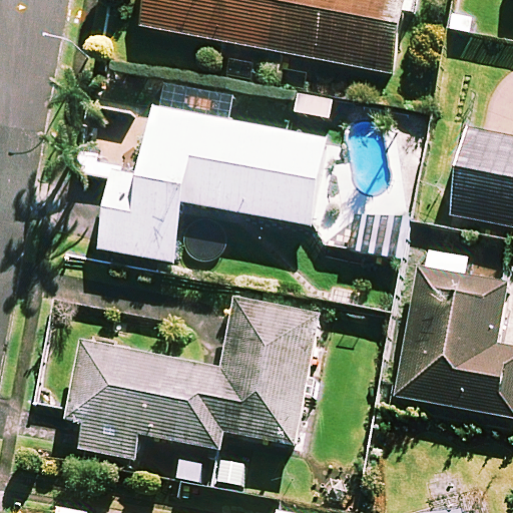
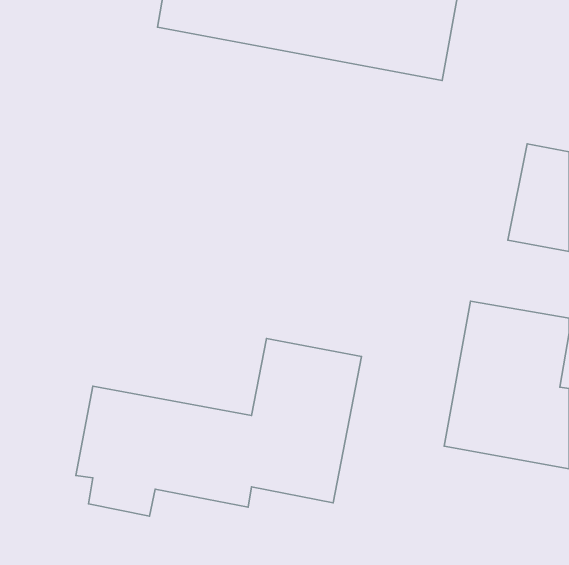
building: [98,109,326,261] -> none

